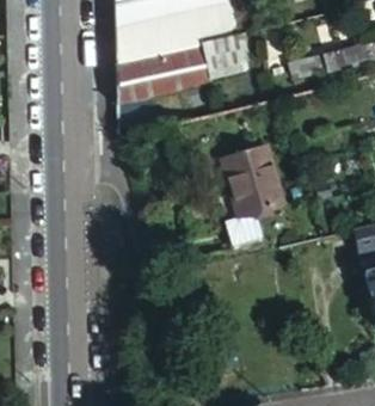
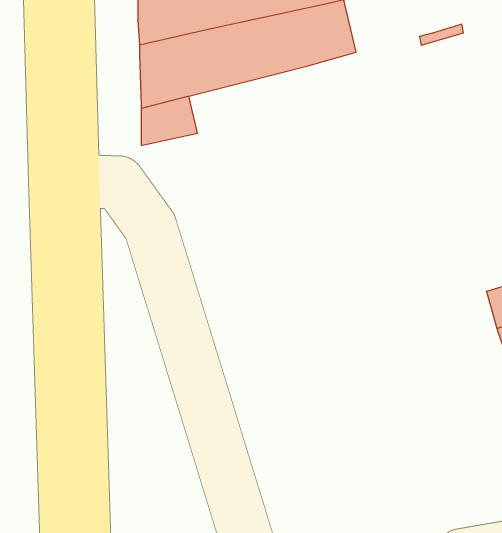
building: [220,141,281,242] -> none

